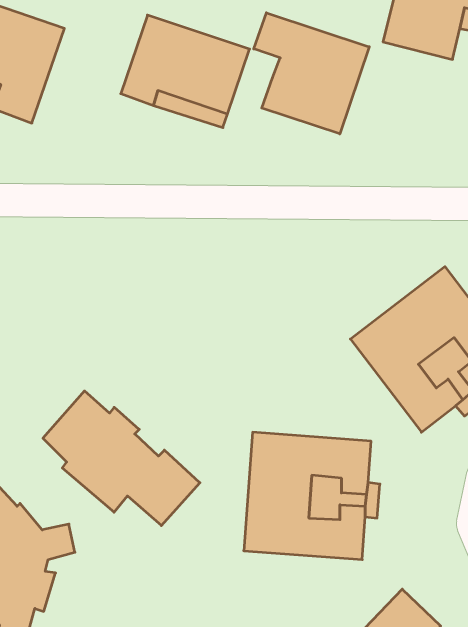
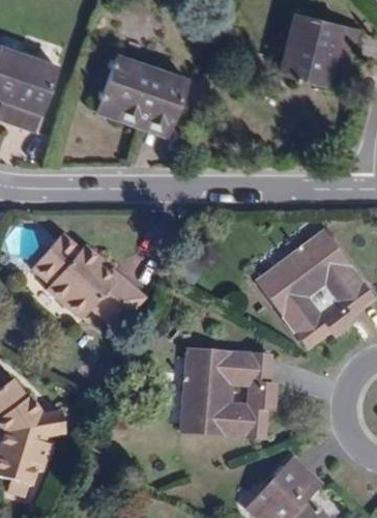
building: [254,13,369,134] -> none
building: [43,391,200,526] -> [34,232,144,326]

